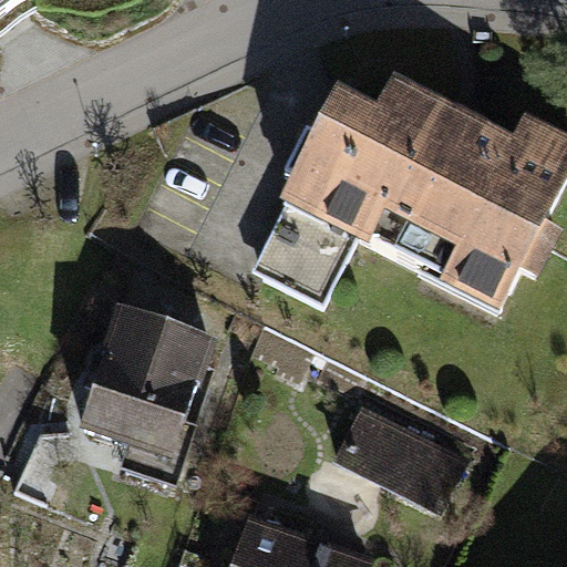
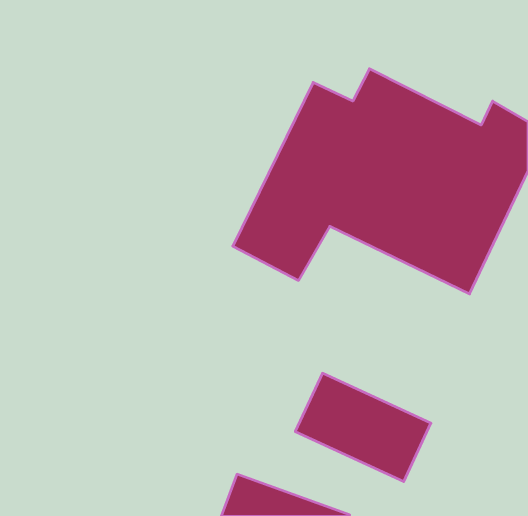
building: [84,307,221,462] -> none

